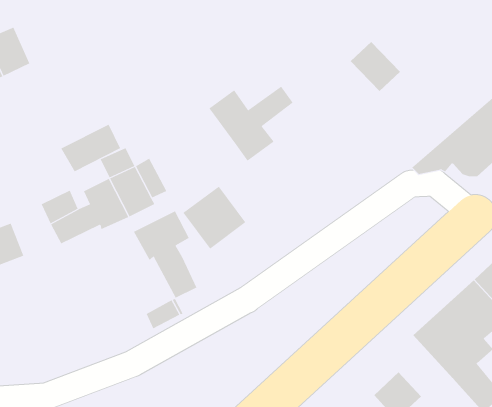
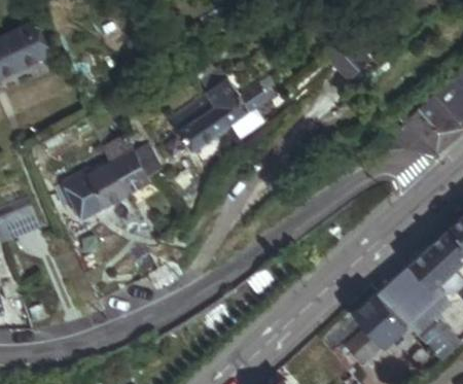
building: [61,124,121,172] -> none
building: [183,186,246,249] -> [168,97,223,152]
building: [133,211,197,298] -> none
building: none -> [355,294,413,348]

